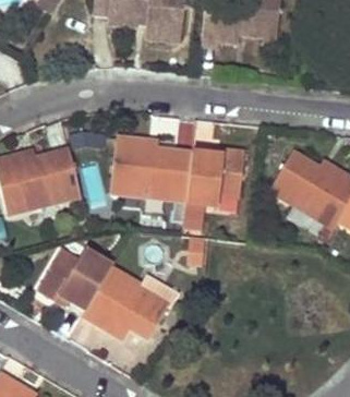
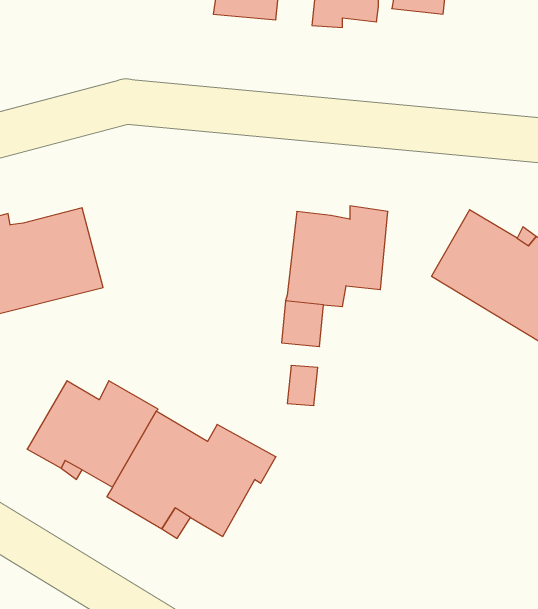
building: [111,137,193,200] -> none

